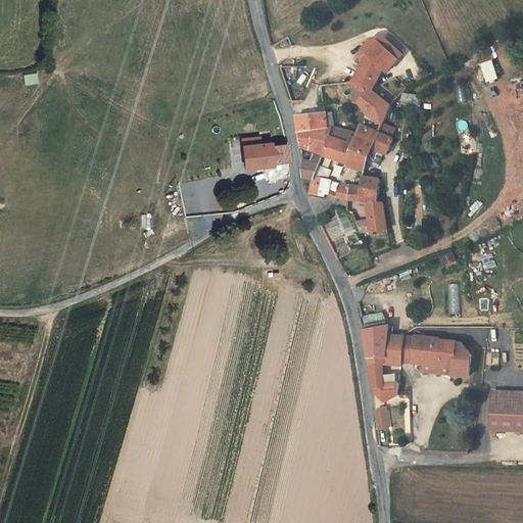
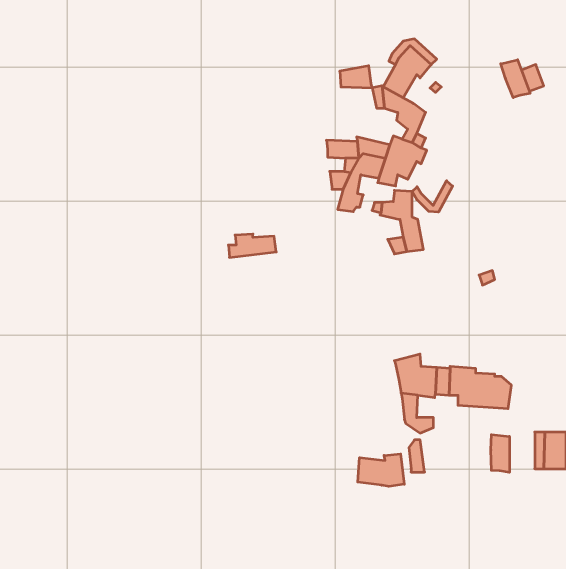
building: none -> [501,60,530,98]
building: [298,109,328,130] -> [340,66,372,88]
building: [238,144,282,165] -> [228,234,276,257]
building: none -> [412,181,453,212]
building: none -> [491,435,509,472]
building: none -> [358,454,404,486]

